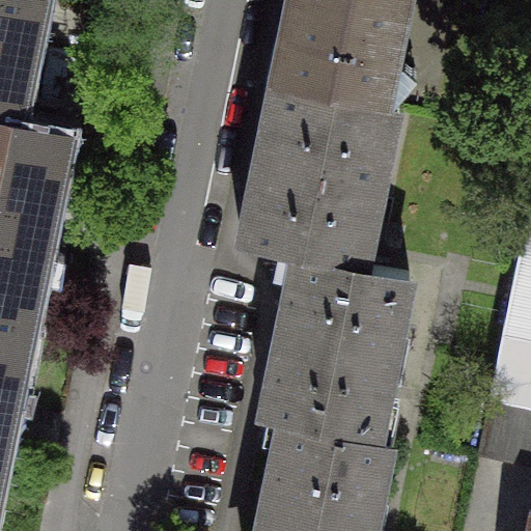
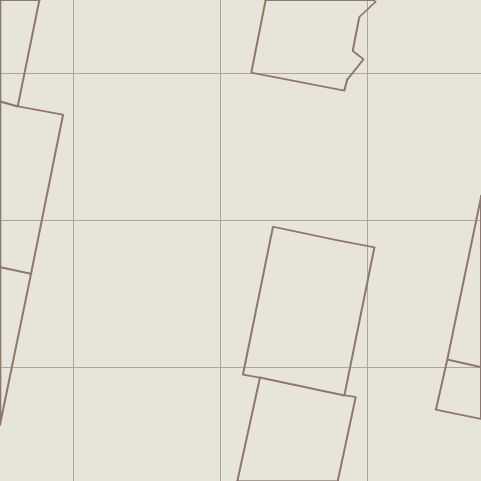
building: [245,80,400,264] -> none

